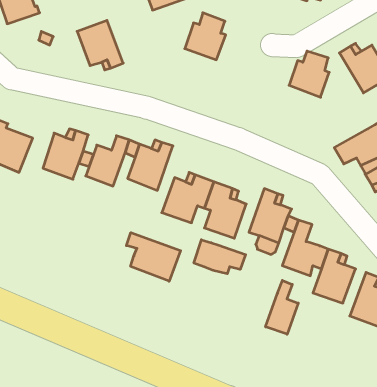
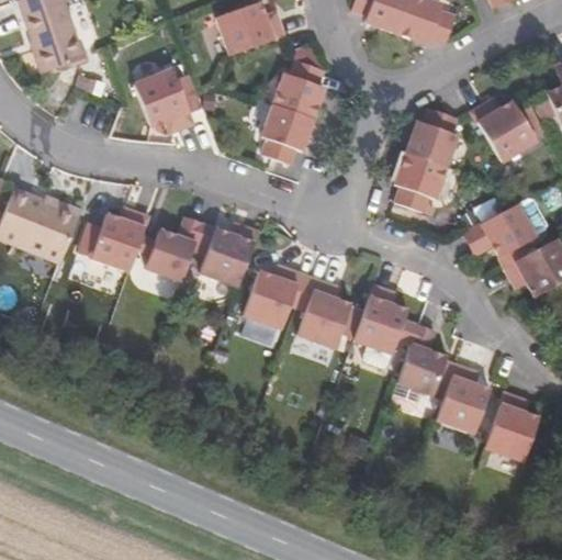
building: none -> [261,104,313,165]
building: none -> [394,152,447,212]
building: [126,233,181,281] -> none
building: [194,240,246,274] -> none
building: [266,280,298,334] -> none

